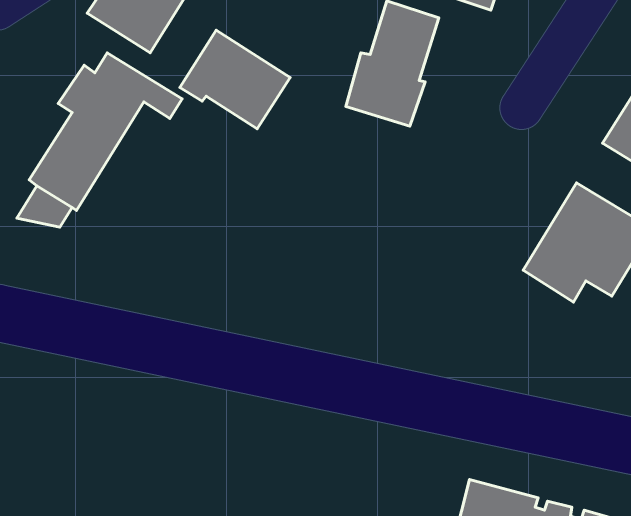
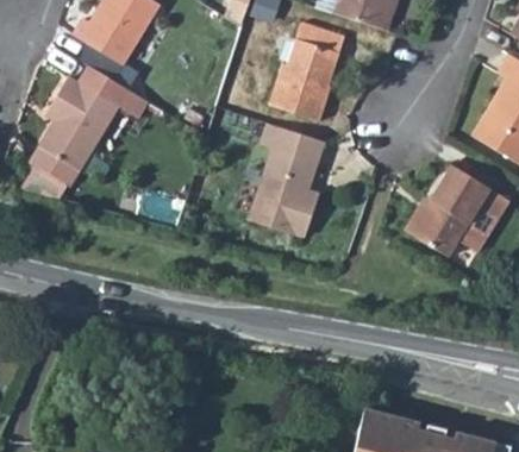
building: [180,30,290,129] -> none
building: none -> [254,126,325,240]

